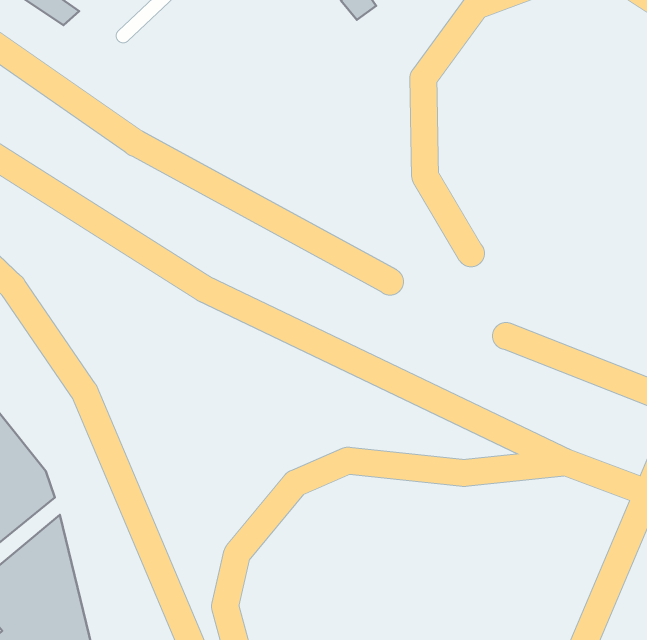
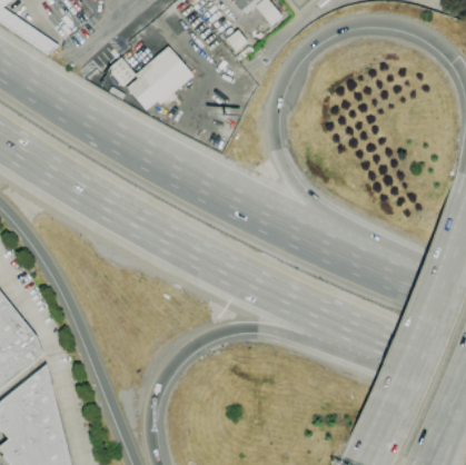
building: none -> [107,47,194,110]

